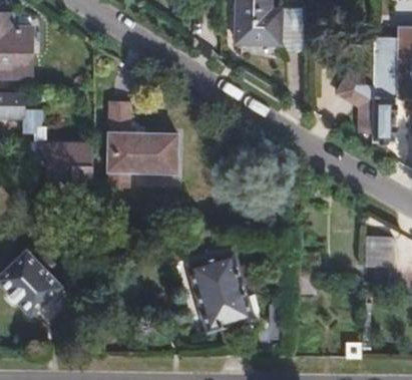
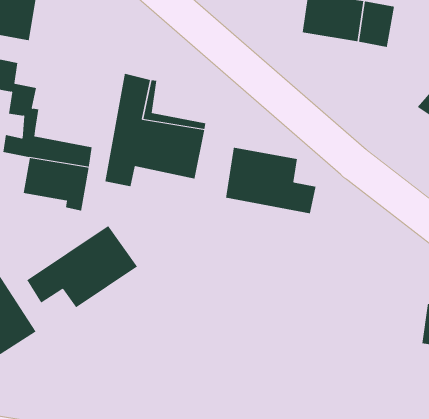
building: none -> [226,147,316,214]
building: none -> [26,225,138,308]
building: [184,254,255,335] -> none

